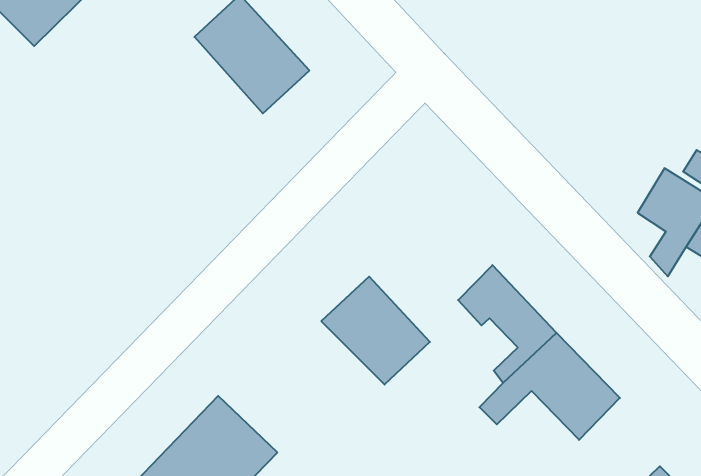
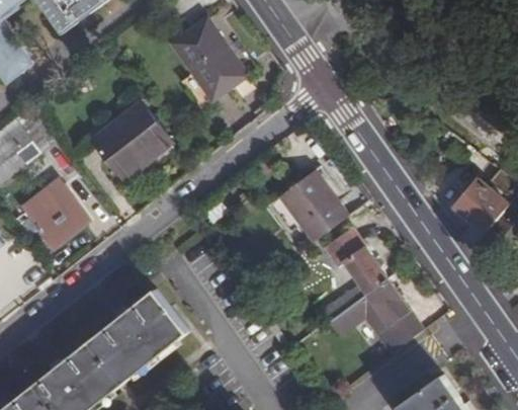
building: none -> [93,103,172,179]
building: none -> [22,183,86,246]
building: [321,277,430,385] -> [274,166,345,240]

